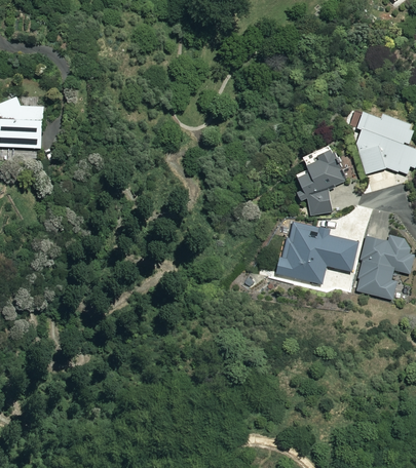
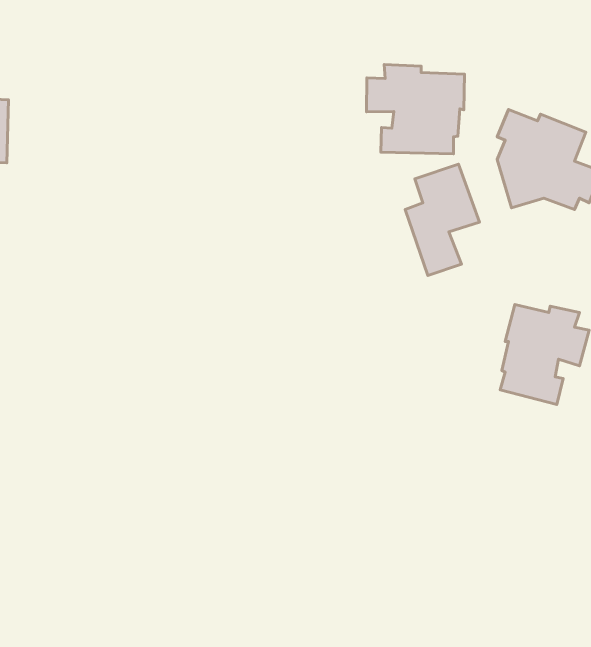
building: none -> [366,64,465,154]
building: [276,223,358,284] -> none

